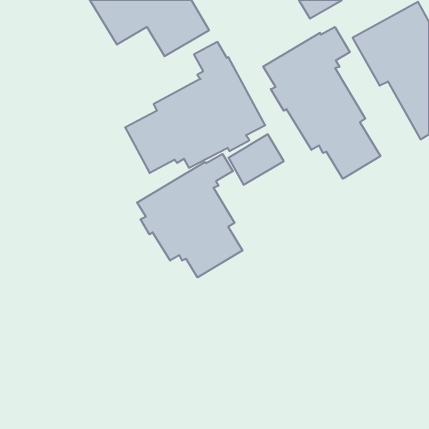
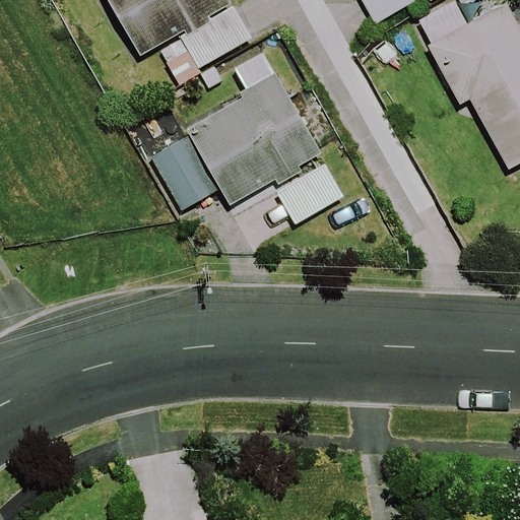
building: [263,27,380,179] -> none
building: [137,154,243,277] -> none

